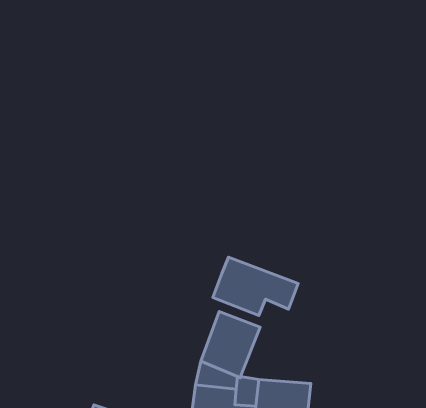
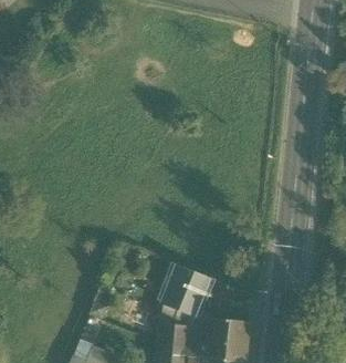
building: [213,257,298,315] -> none

